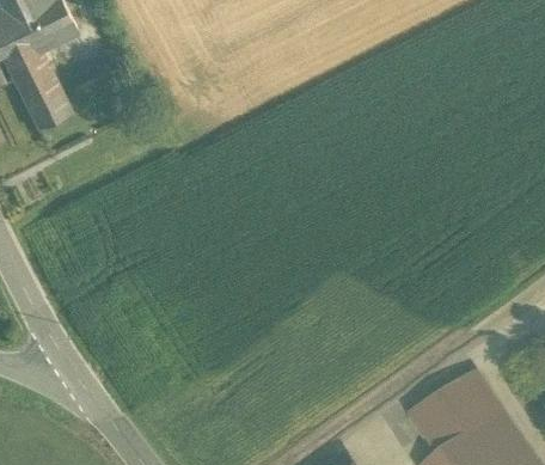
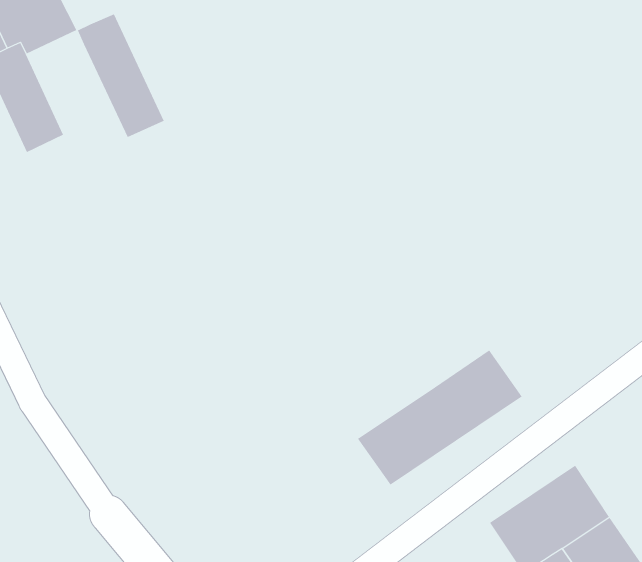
building: none -> [77,14,164,138]
building: none -> [357,350,523,486]

